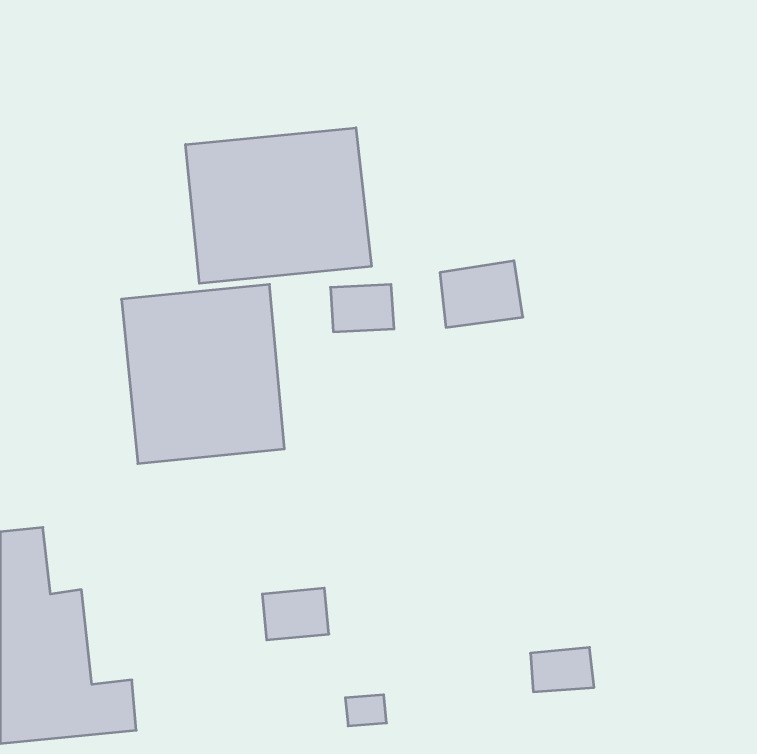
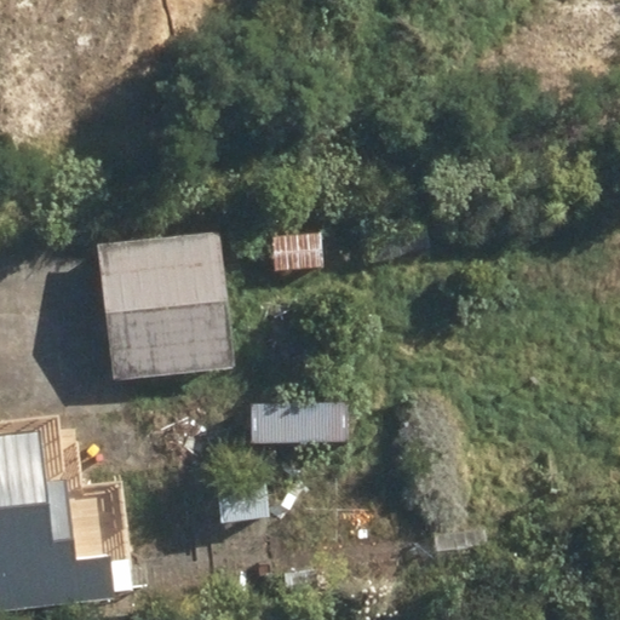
building: [186,128,371,283] -> none

